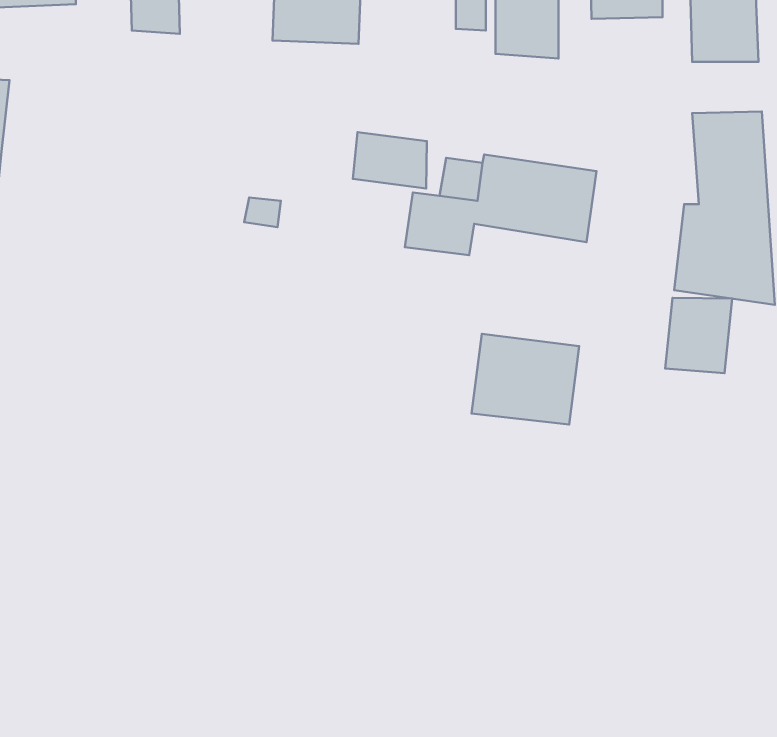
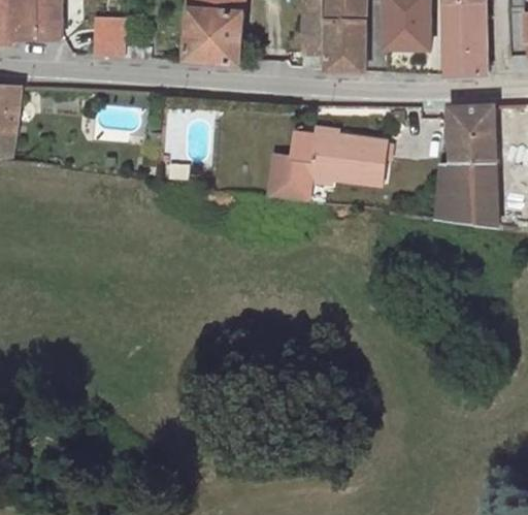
building: [353,132,427,189] -> none
building: [665,298,732,373] -> none
building: [472,334,579,425] -> none

